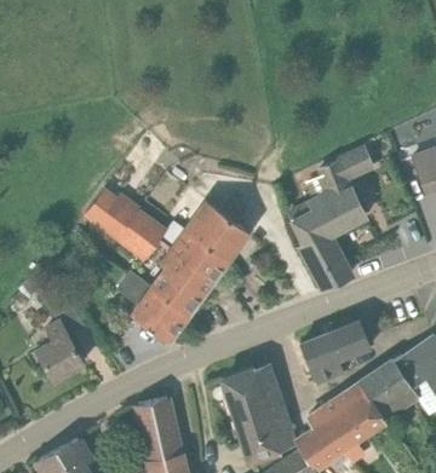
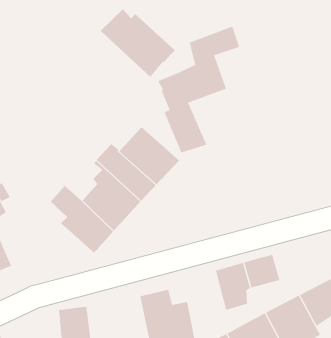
building: [289,146,373,288] -> [157,26,240,153]
building: [85,192,174,263] -> [100,8,183,78]

